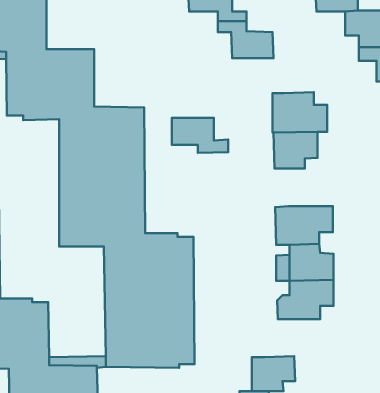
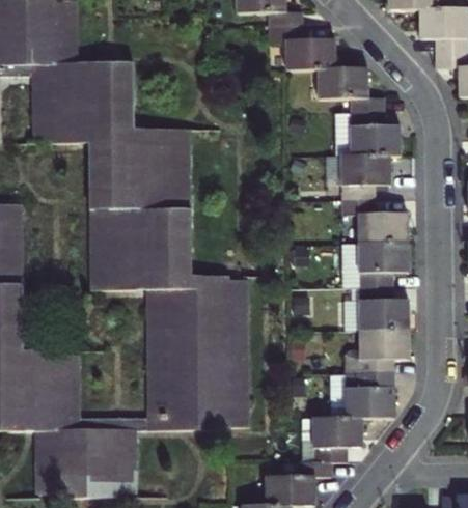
building: [172,118,228,153] -> [322,72,387,112]
building: none -> [341,199,409,243]
building: none -> [329,373,395,417]

